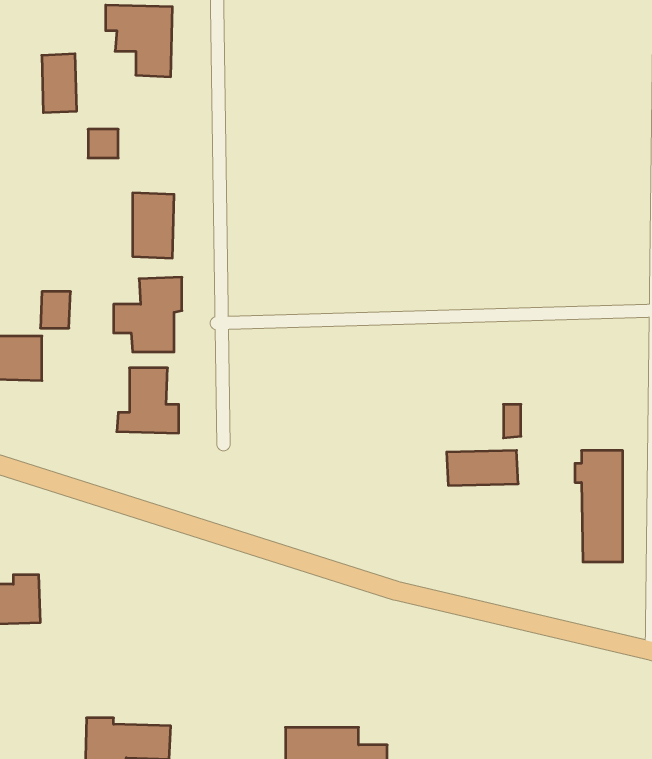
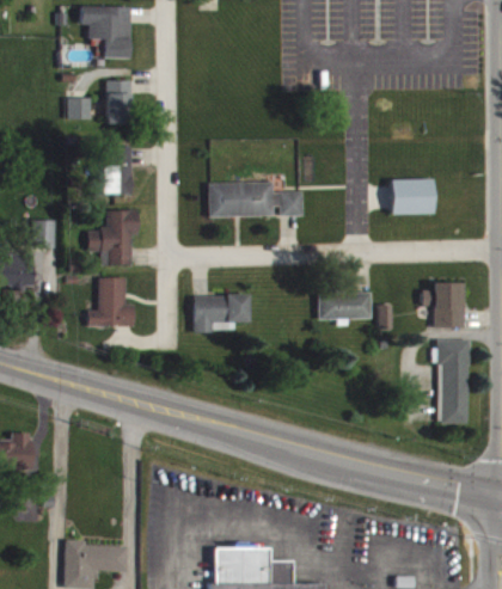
building: [42,54,77,113] -> [105,80,131,124]
building: none -> [390,179,433,215]
building: none -> [208,182,302,217]
building: none -> [421,282,465,327]
building: none -> [194,295,249,331]
building: [447,450,518,485] -> [318,293,372,319]

